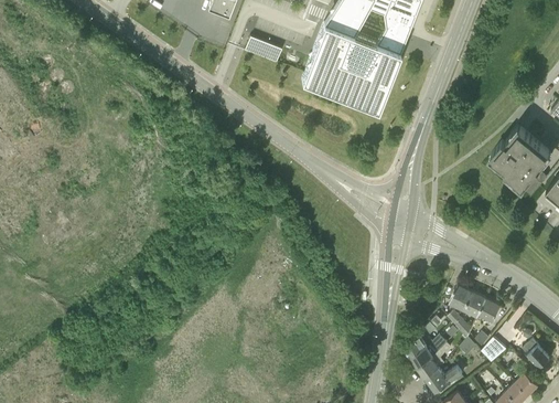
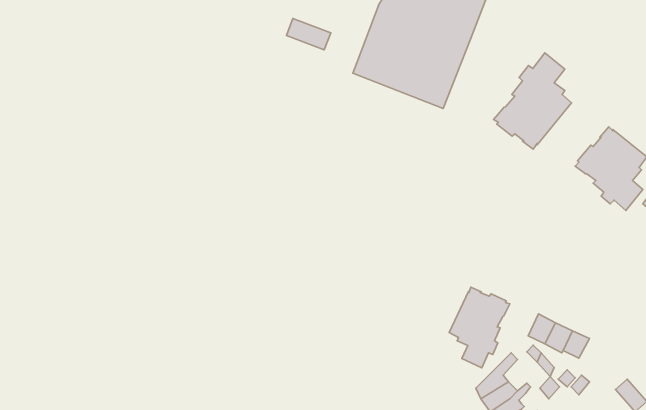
building: none -> [494,53,572,149]
building: none -> [449,287,510,368]

